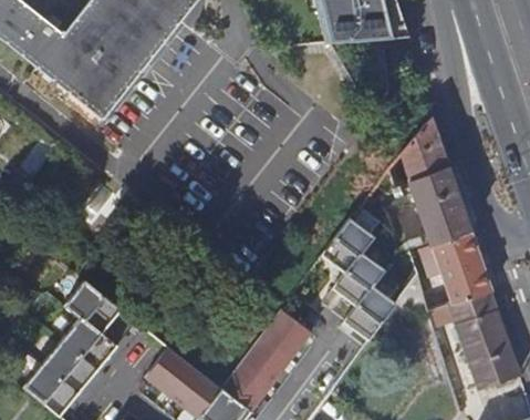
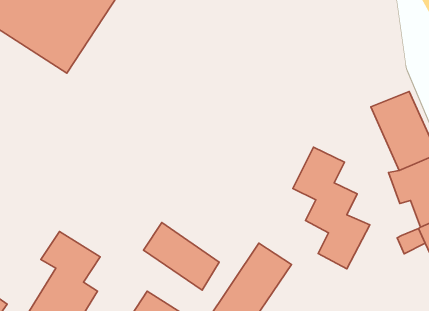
building: [399,119,448,180] -> none
building: none -> [144,223,219,290]

